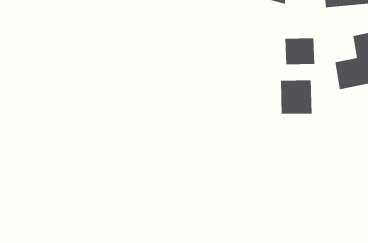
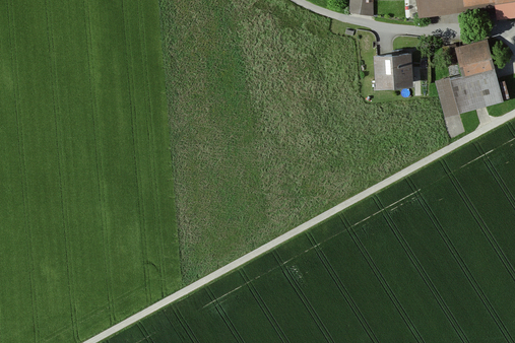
building: [280,80,312,114] -> none

